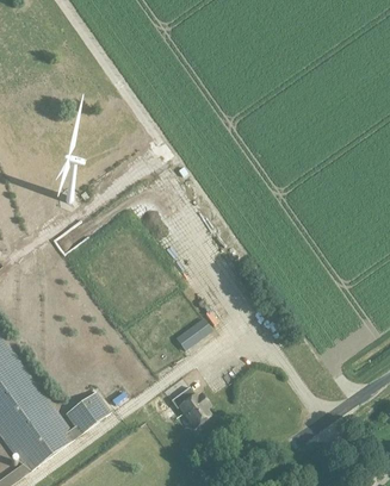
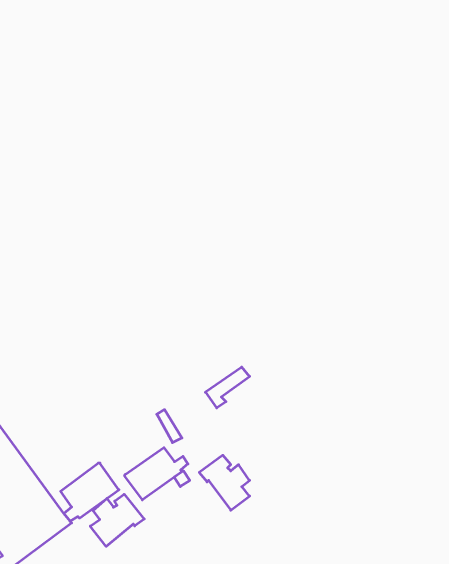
building: none -> [125,448,188,500]
building: none -> [90,494,144,546]

